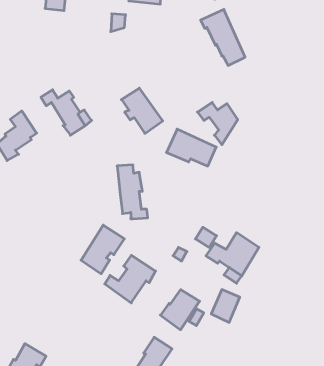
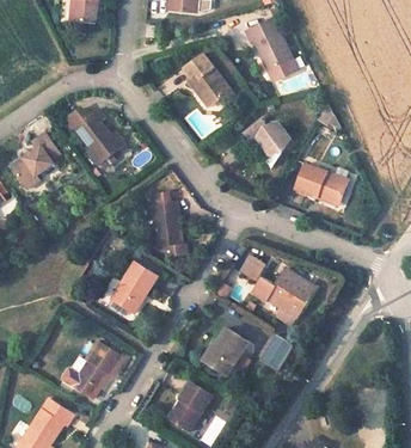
building: [121,88,163,133] -> [183,51,229,103]
building: [166,129,216,166] -> [290,162,346,204]
building: [105,255,156,303] -> [67,338,124,392]

